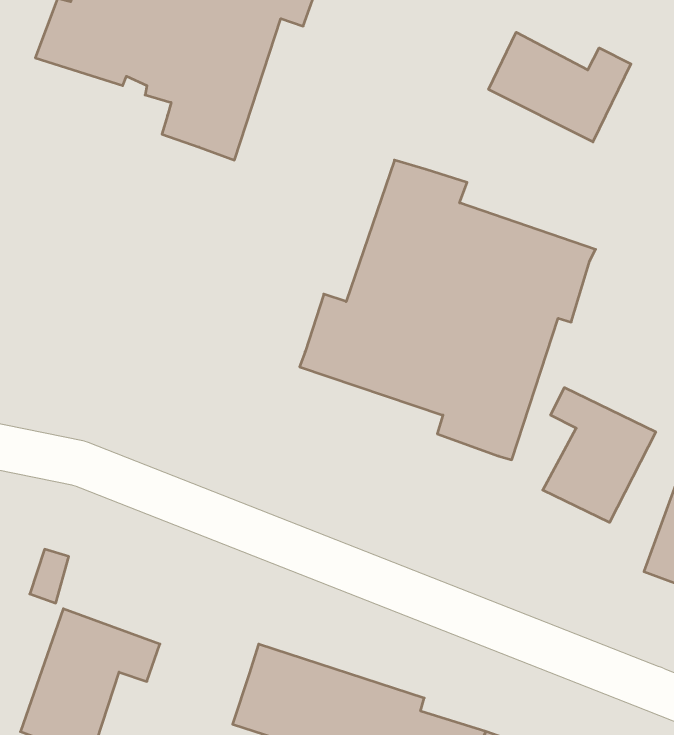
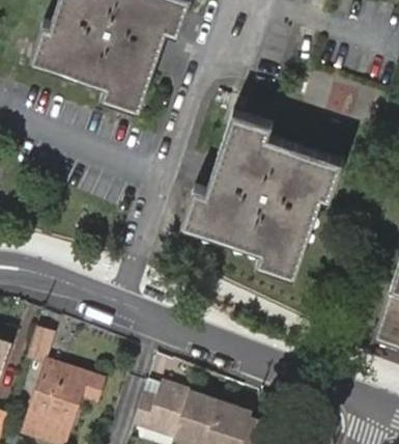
building: [489,32,631,142] -> none
building: [543,388,656,522] -> none

